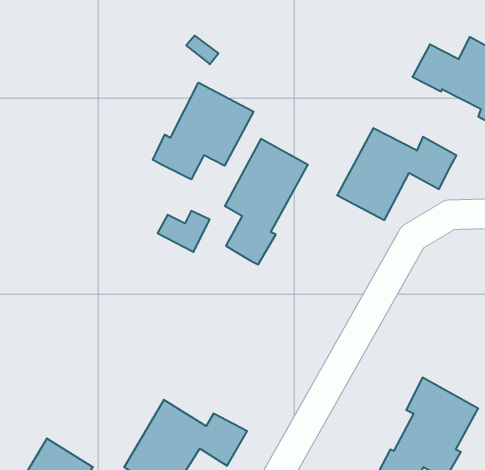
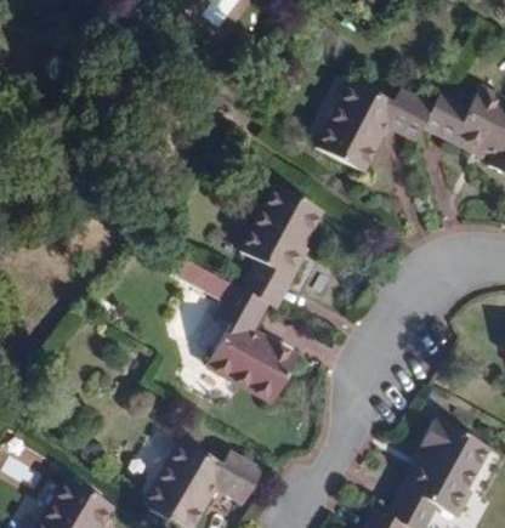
building: [153,83,254,179] -> none
building: [337,128,456,220] -> [317,83,433,172]
building: none -> [206,285,299,402]

